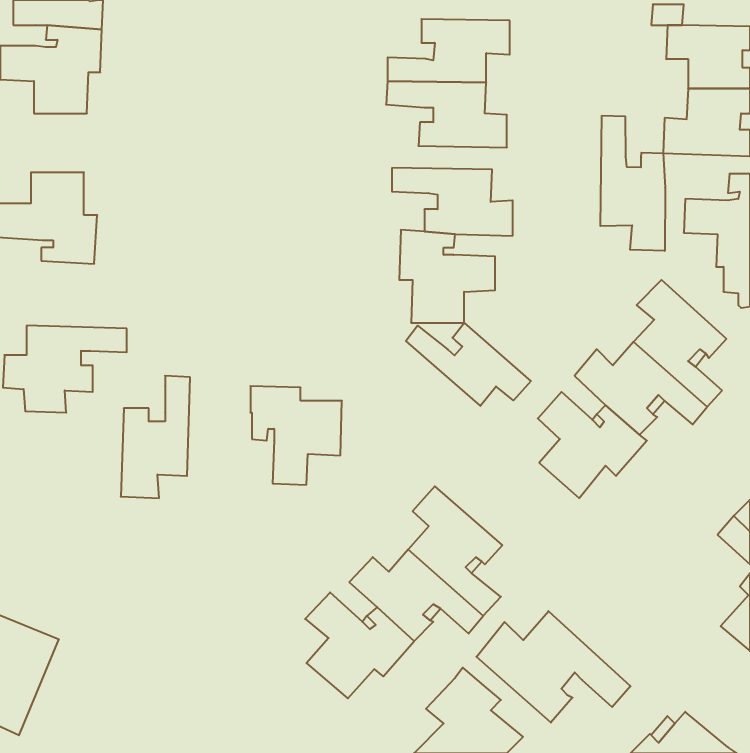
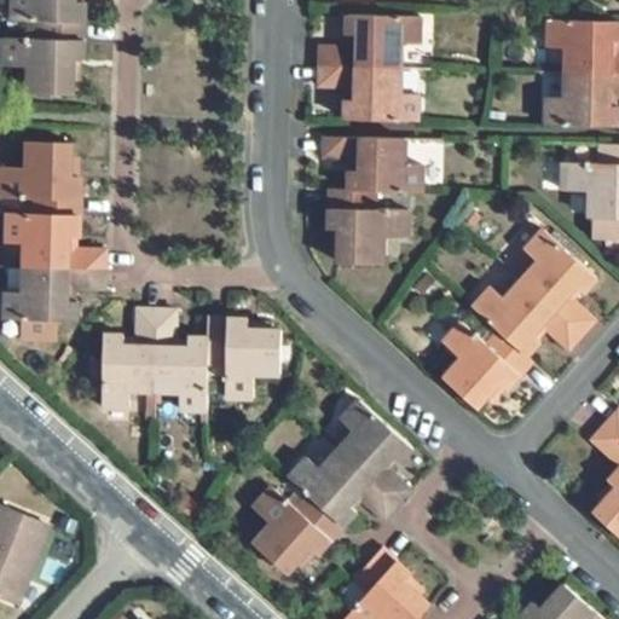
building: [600,116,665,251] -> none
building: none -> [5,213,105,270]
building: [406,323,531,406] -> none
building: none -> [154,310,207,410]
building: [476,611,631,723] -> none

